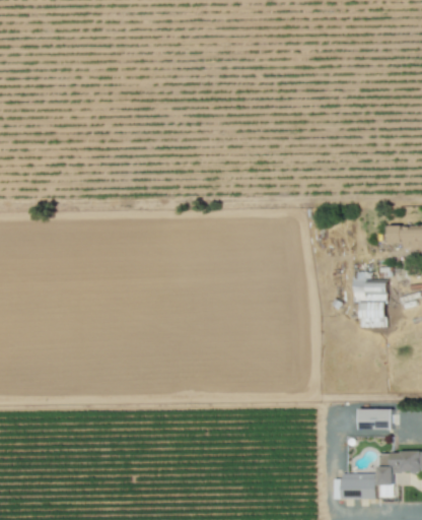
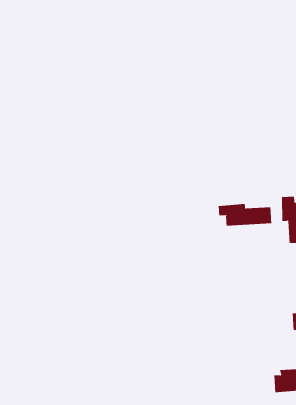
building: none -> [218,203,272,226]

